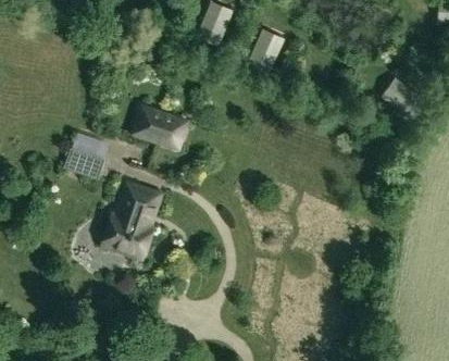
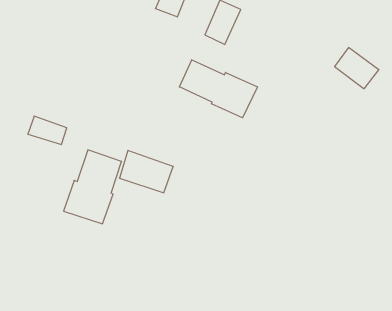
building: none -> [179,60,257,118]
building: [132,105,187,149] -> [119,151,173,193]

